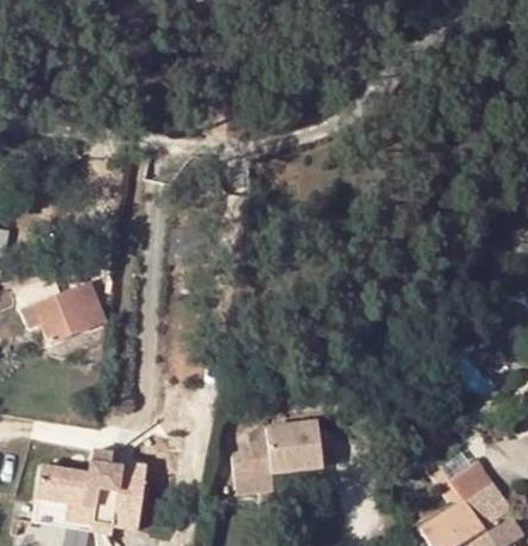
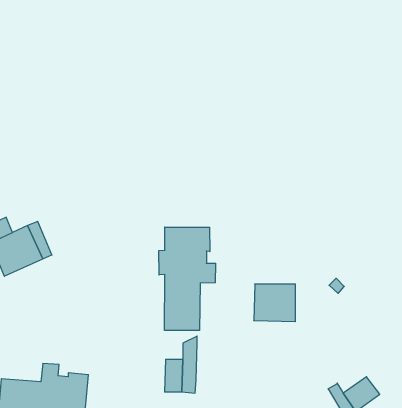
building: none -> [159,227,216,330]
building: [274,424,323,468] -> [254,284,295,322]

